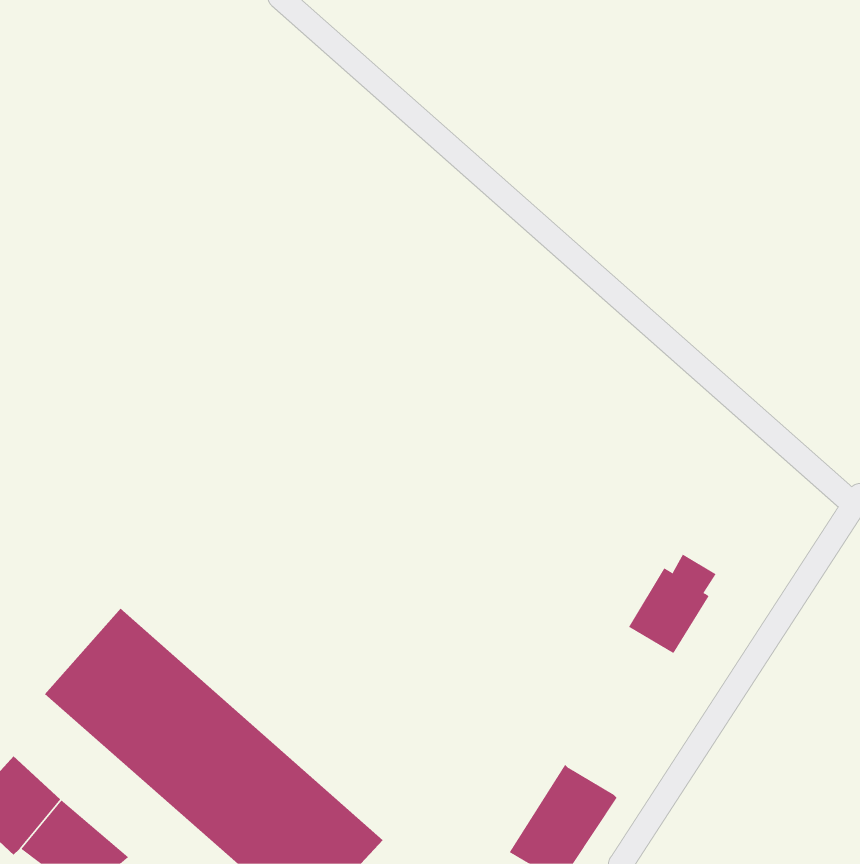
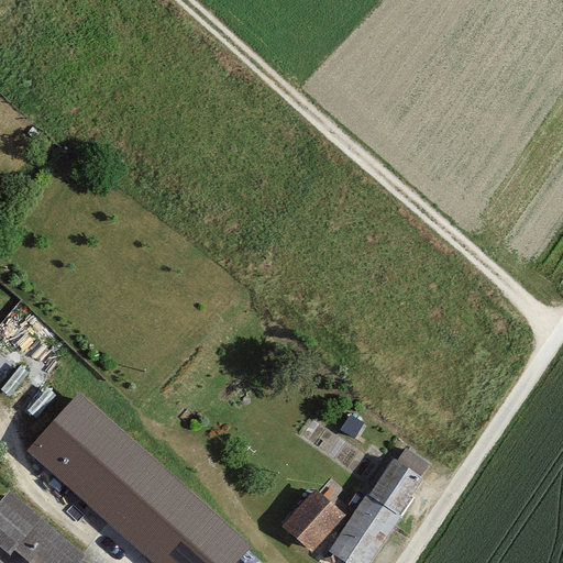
building: [628,554,716,654] -> [368,450,426,515]
building: none -> [282,490,343,553]

